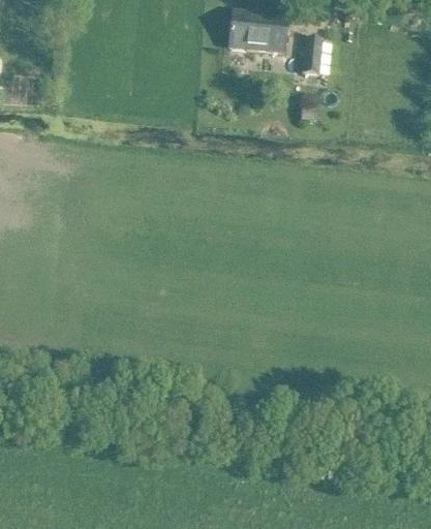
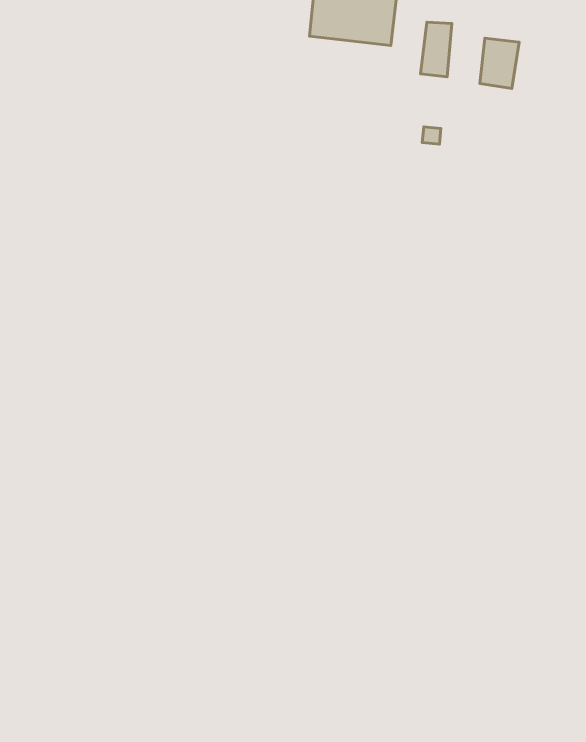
building: none -> [480,38,519,88]

